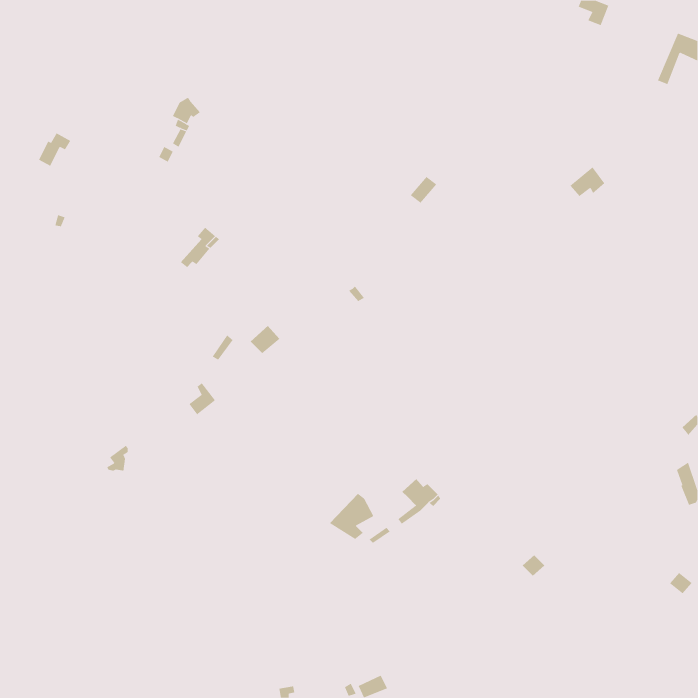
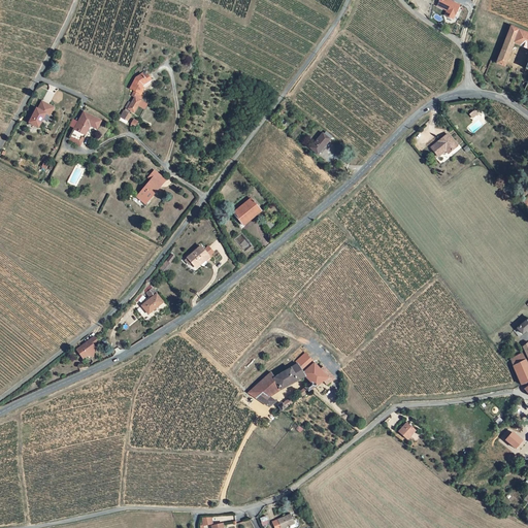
building: none -> [71,111,102,143]
building: none -> [231,198,261,225]
building: none -> [275,365,307,390]

